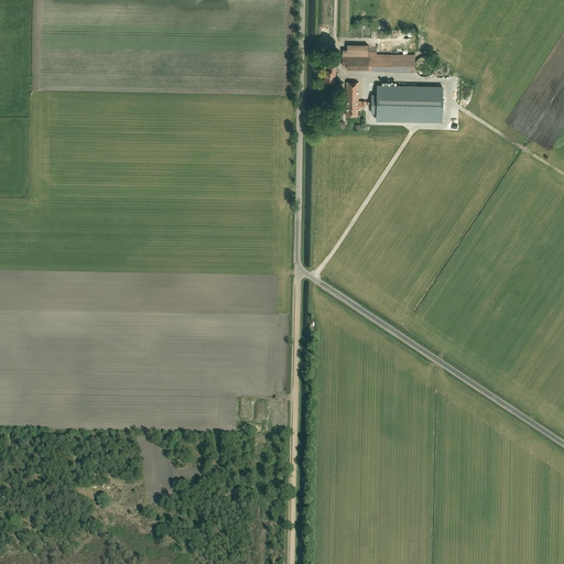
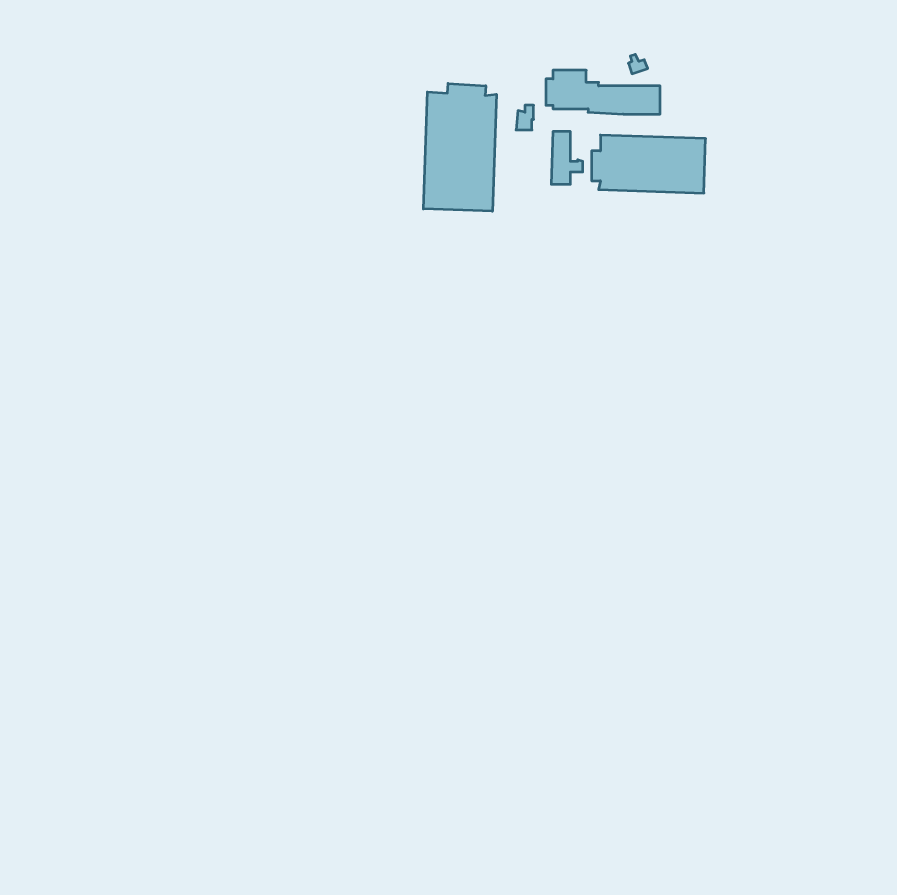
building: none -> [423,83,496,211]

